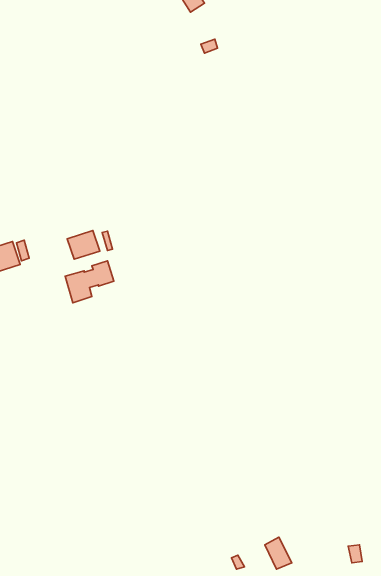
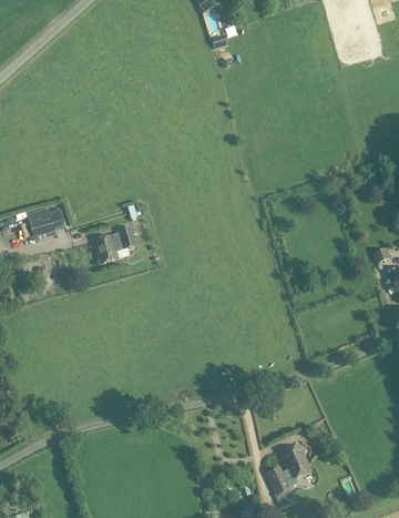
building: [67,231,100,259] -> none
building: none -> [282,445,311,477]

